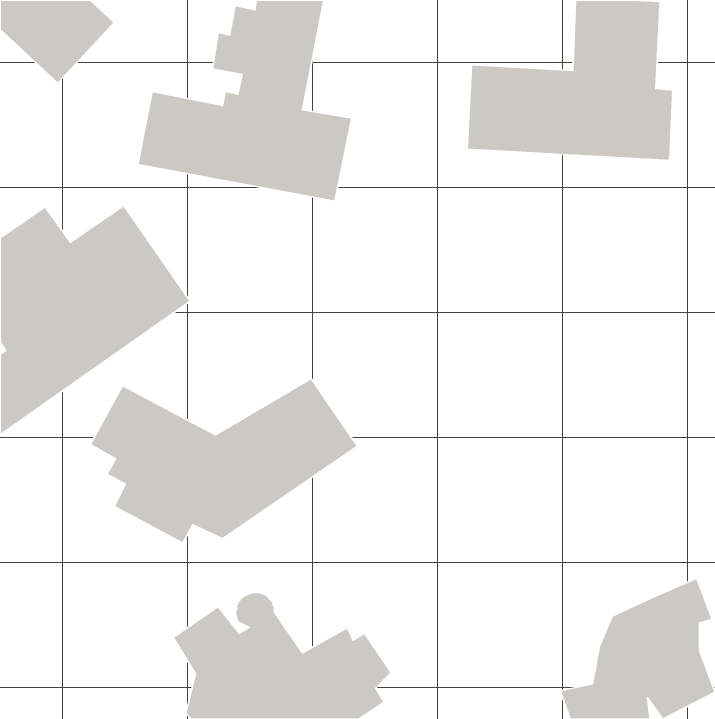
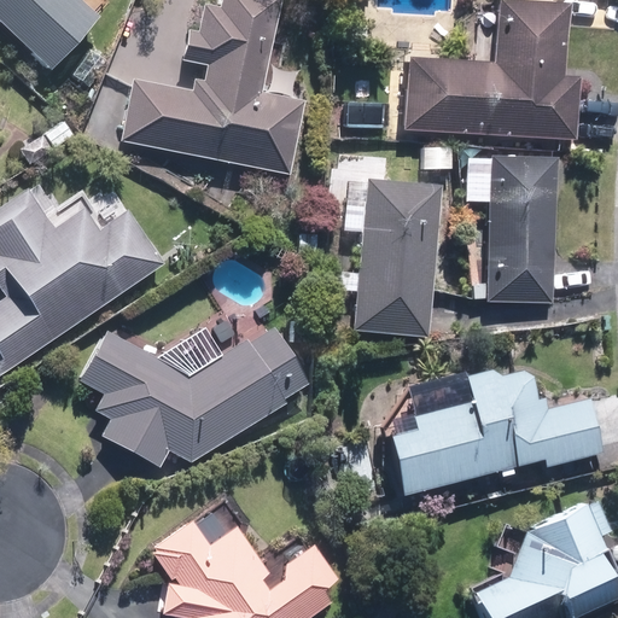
building: none -> [466,153,559,304]
building: none -> [339,176,442,336]
building: none -> [386,365,606,495]

